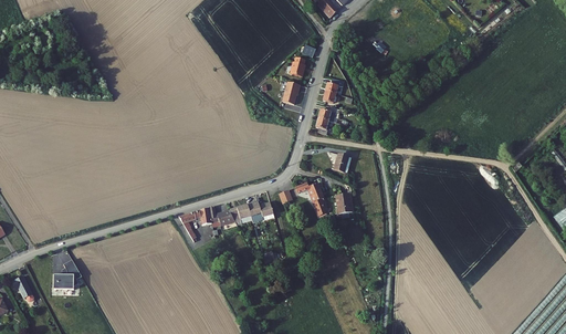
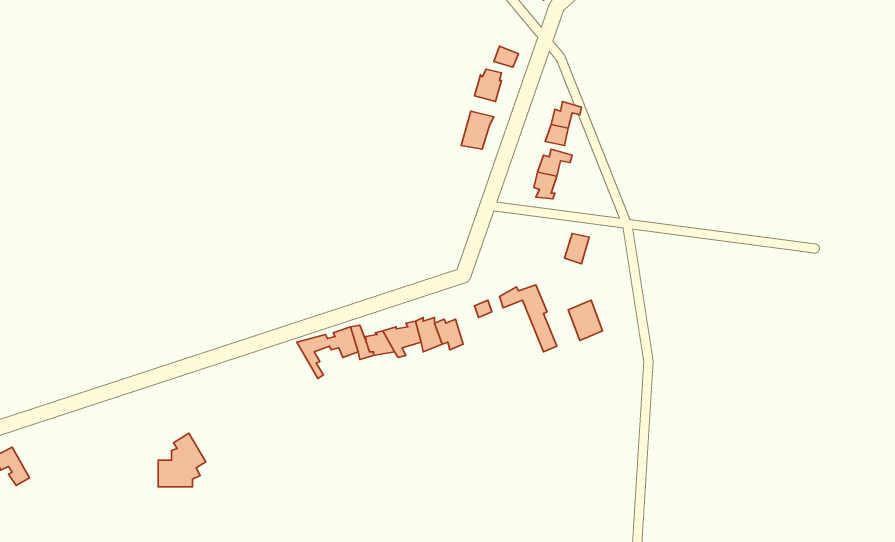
building: [50,259,77,290] -> [158,433,206,487]

